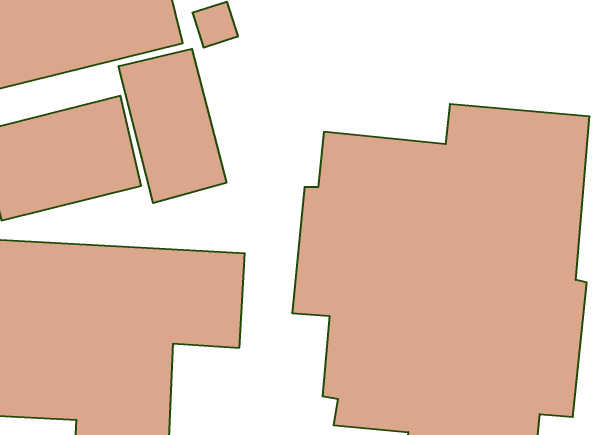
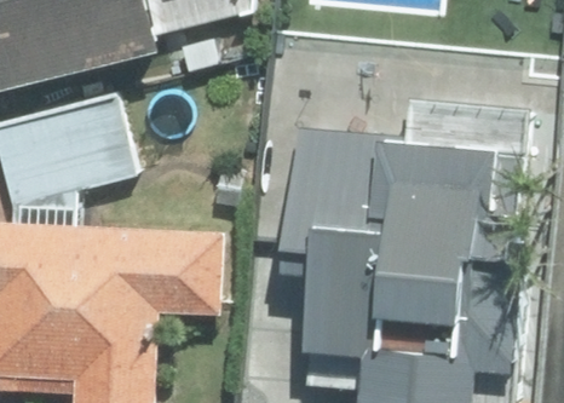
building: [119,49,226,203] -> none

